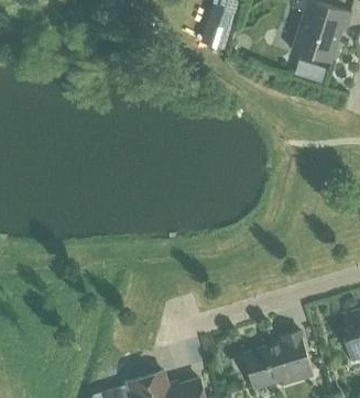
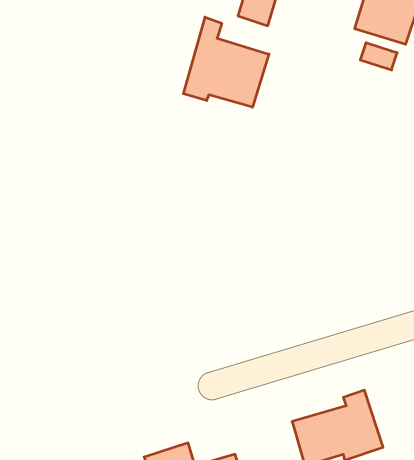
building: none -> [183,17,269,107]

